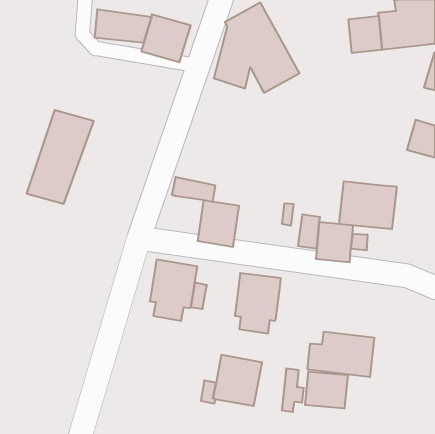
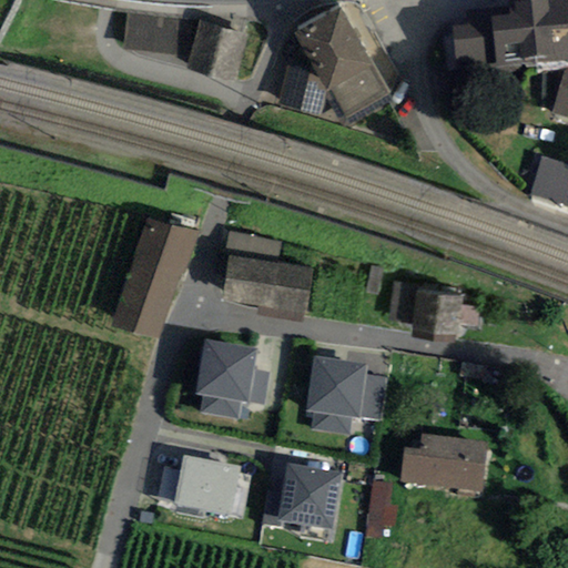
building: [27,110,94,204] -> [111,216,199,338]
building: [339,181,397,229] -> none
building: none -> [223,255,265,306]
building: none -> [359,373,388,419]
building: none -> [174,454,251,517]
building: [305,371,348,409] -> none

